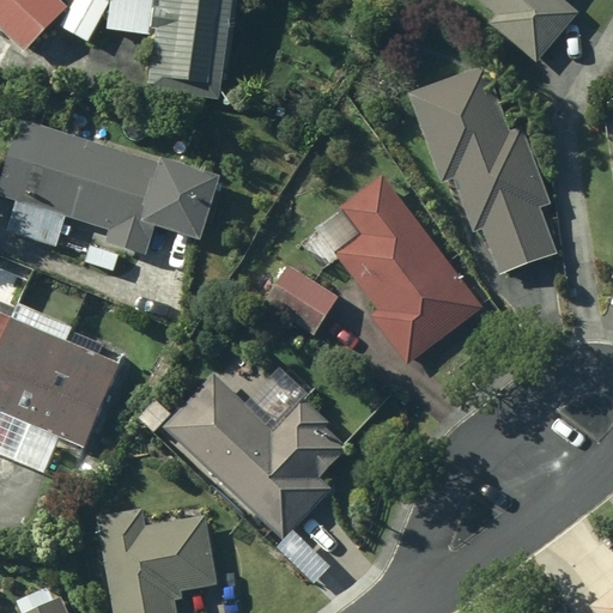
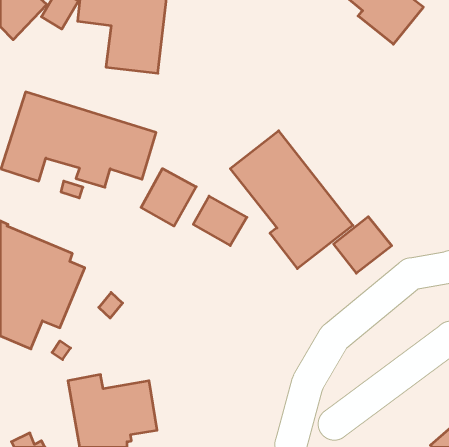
building: [406,66,554,272] -> none
building: none -> [141,169,196,226]
building: none -> [334,217,392,273]
building: [162,372,346,539] -> none

